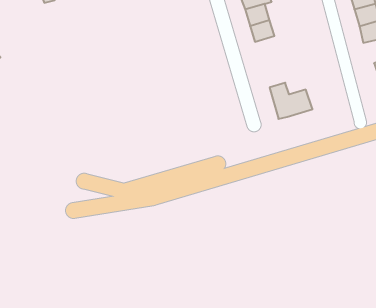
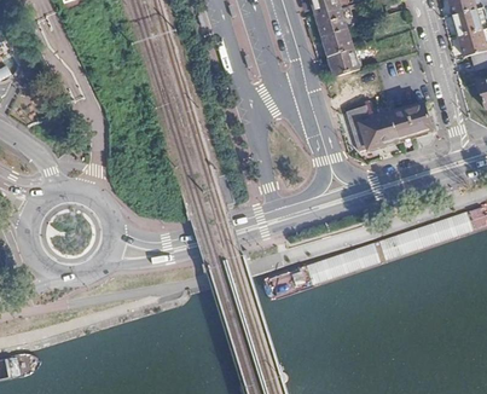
building: none -> [327,46,359,74]
building: none -> [390,102,430,137]

